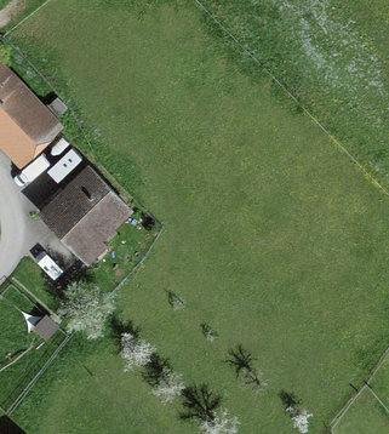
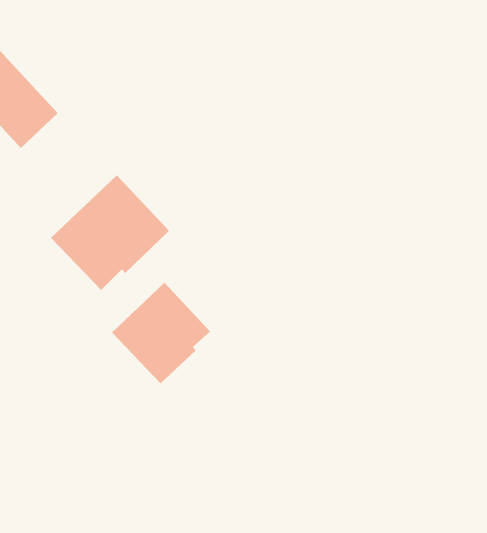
building: none -> [111,282,211,384]

